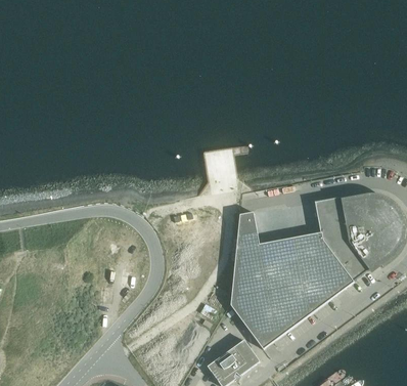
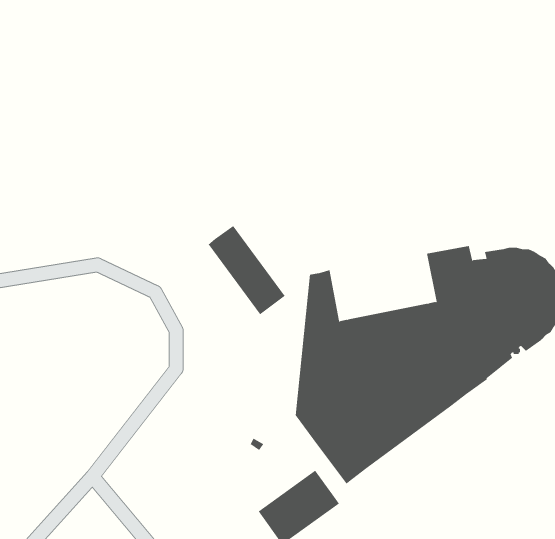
building: none -> [208,225,286,315]

